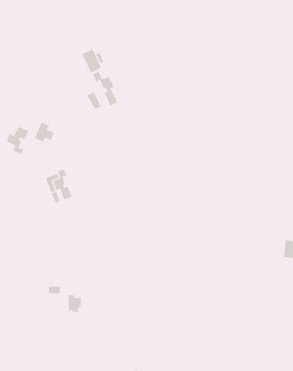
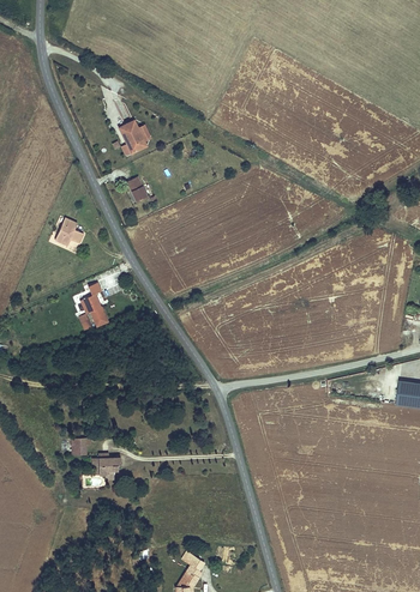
building: [93,71,118,106] -> none
building: [6,126,29,155] -> none

